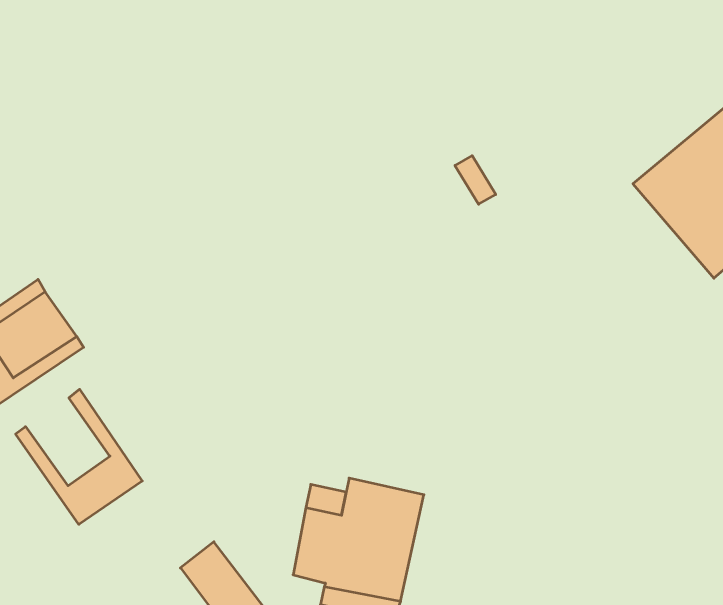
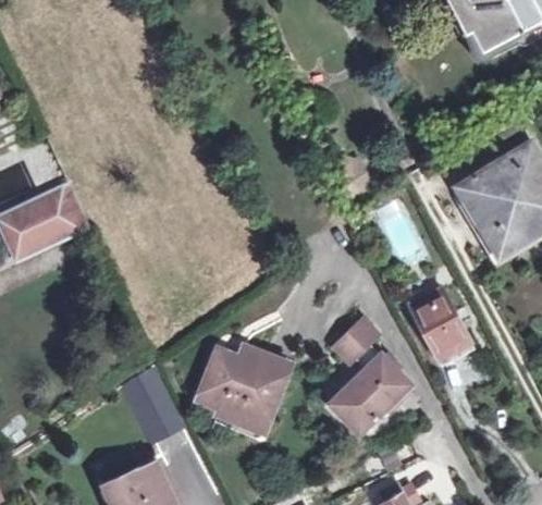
building: none -> [407,287,470,361]
building: [16,389,142,524] -> none
building: none -> [329,320,408,433]

